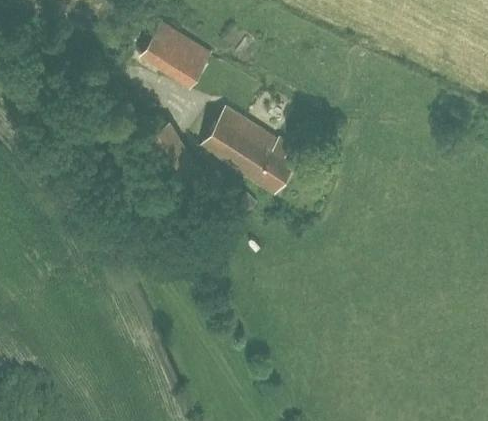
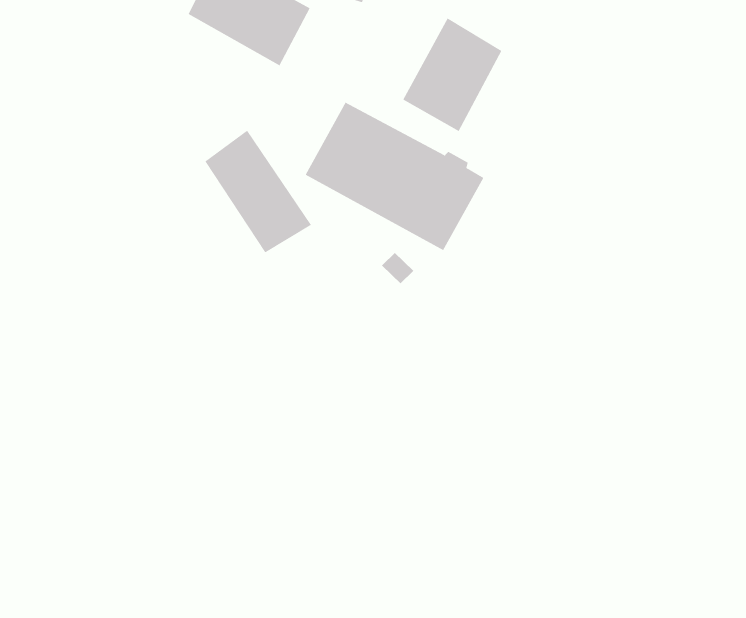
building: none -> [402,18,502,132]

